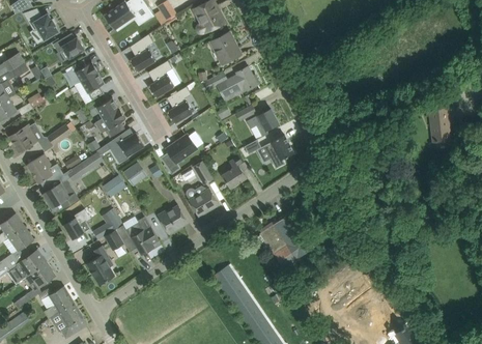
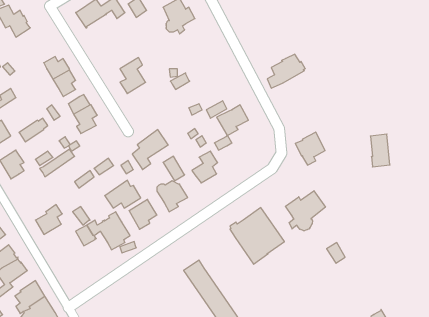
building: [208,32,239,65] -> none
building: [53,33,84,59] -> none
building: [129,35,155,71] -> none
building: [220,67,258,102] -> [267,54,305,88]
building: [167,86,193,123] -> none
building: [430,109,450,142] -> [370,134,390,167]
building: [107,128,143,156] -> [105,180,141,208]
building: [263,135,293,168] -> [295,132,325,165]
building: [44,181,79,208] -> none
building: none -> [285,191,325,231]
building: [86,247,114,285] -> none

